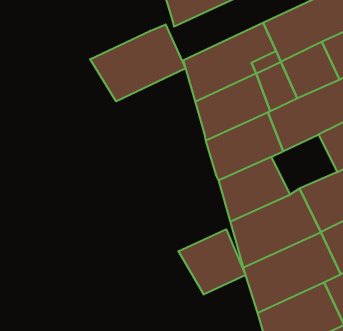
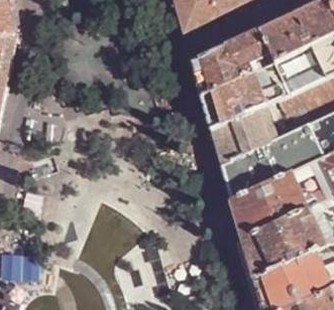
building: [90,24,186,101] -> none
building: none -> [265,124,322,175]
building: [178,229,245,295] -> none

